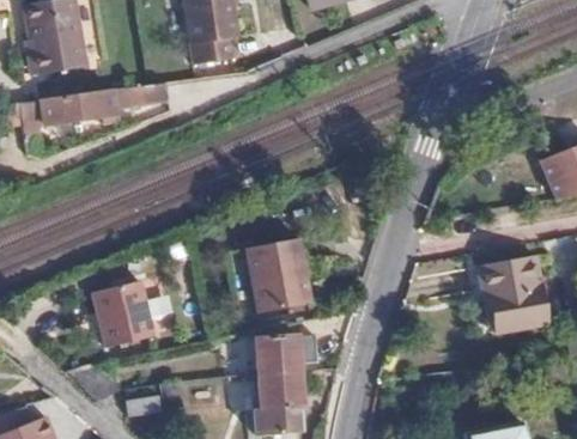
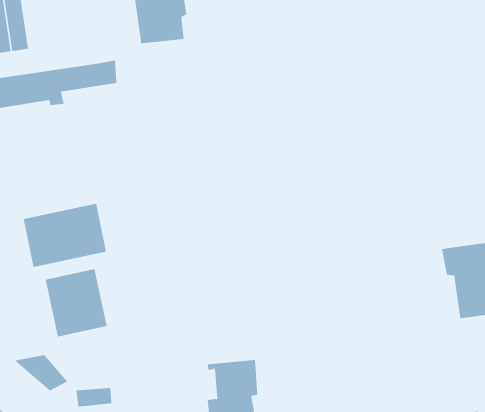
building: none -> [23,203,107,268]
building: [250,238,316,313] -> none
building: [254,331,320,376] -> none

